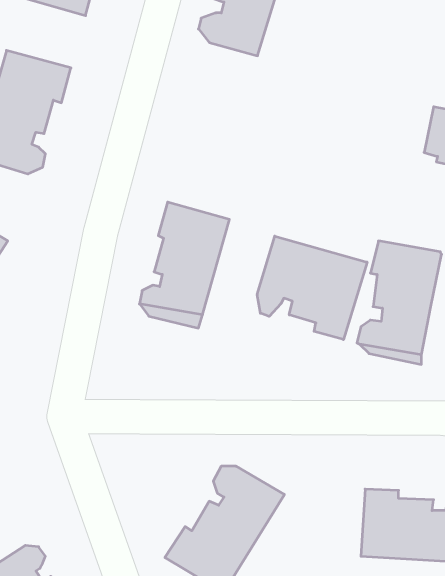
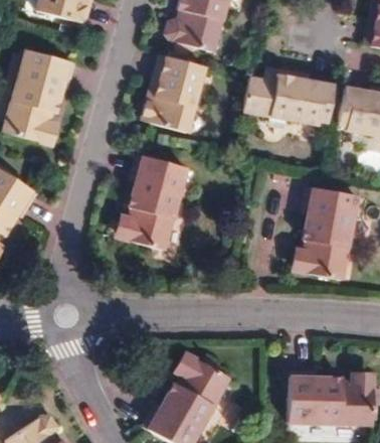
building: none -> [147,52,210,129]
building: none -> [242,69,334,124]
building: [257,236,367,340] -> none

